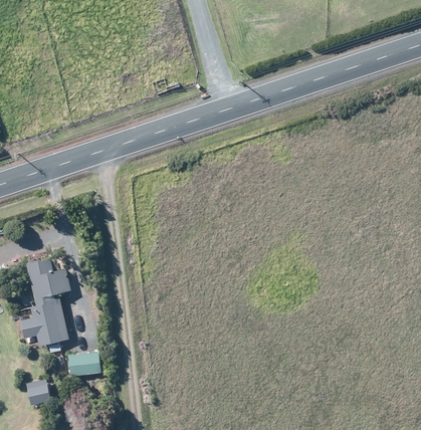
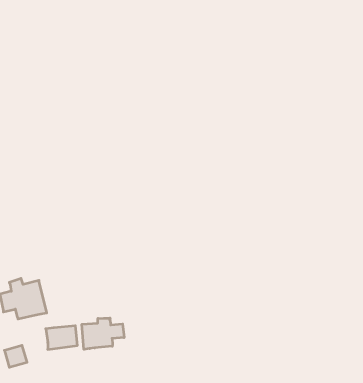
building: [26,257,70,304] -> none
building: none -> [82,318,124,349]

